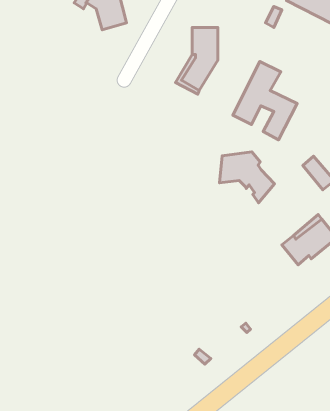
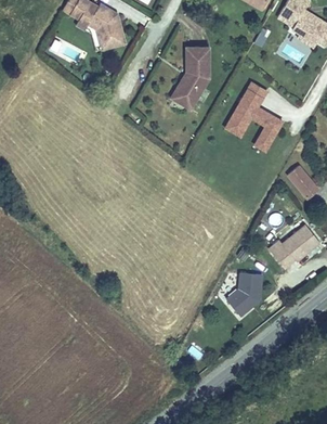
building: [219,152,275,203] -> none
building: none -> [233,271,261,311]

